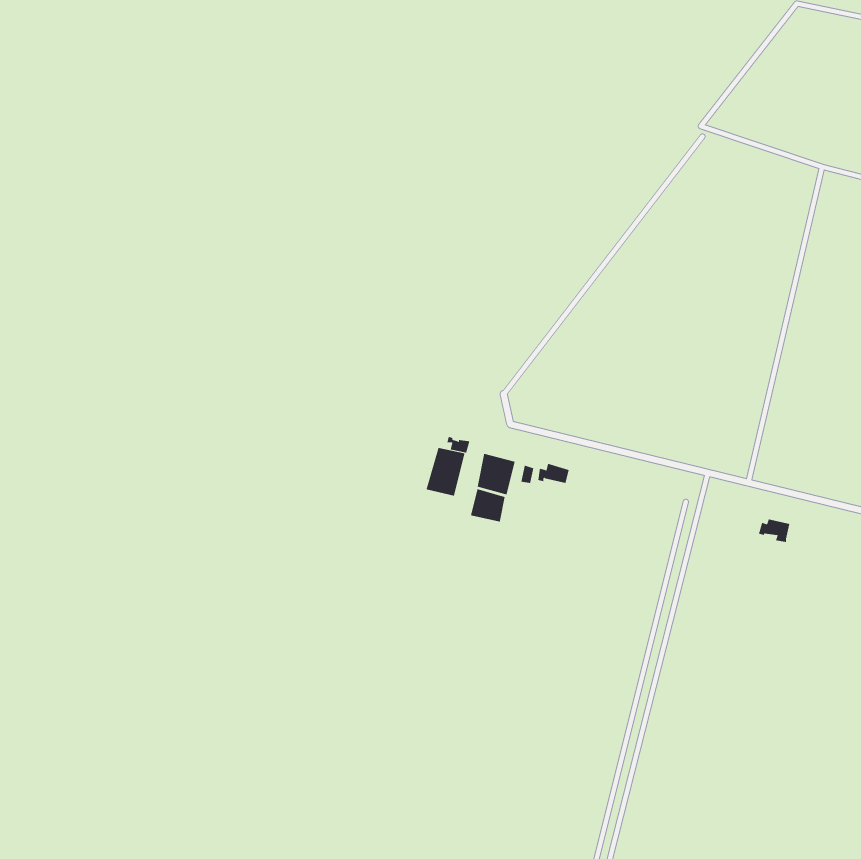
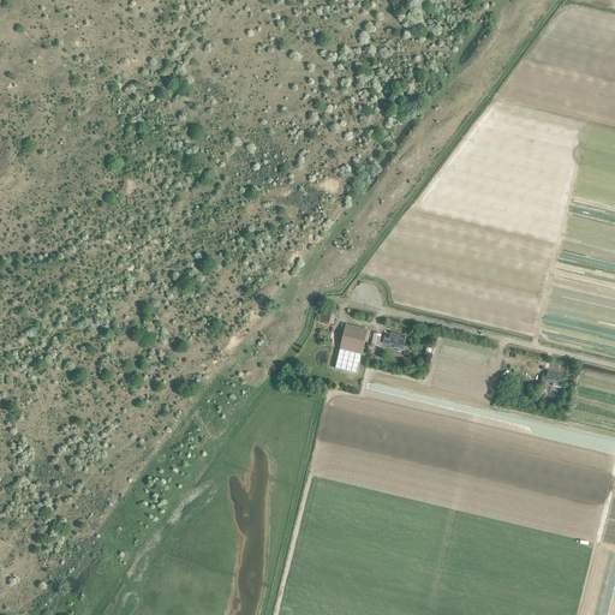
building: [426,447,465,496] -> none

